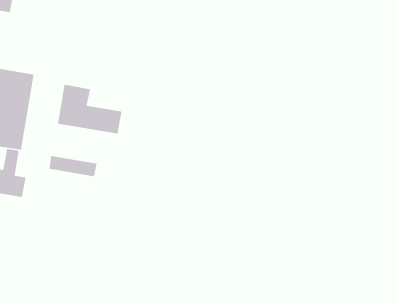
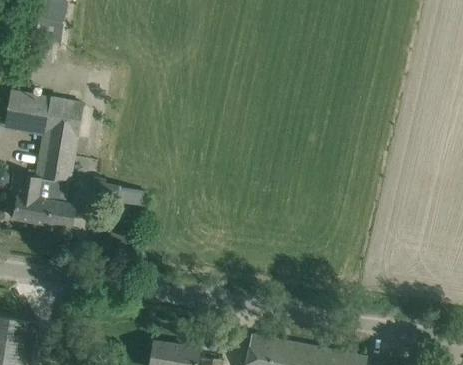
building: [57,84,123,135] -> none

